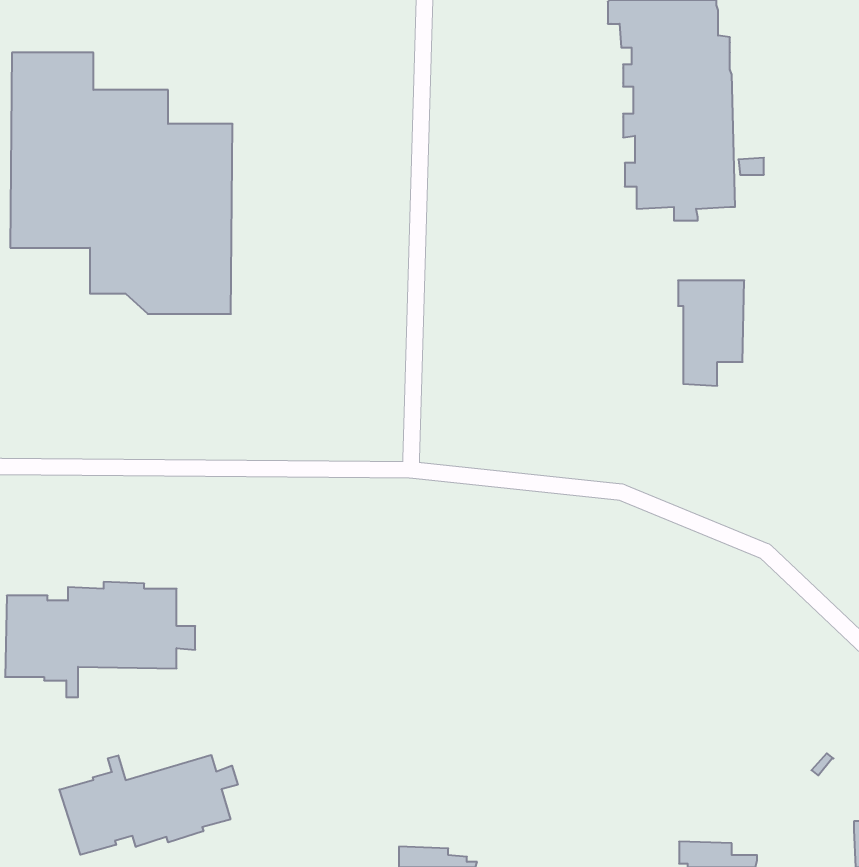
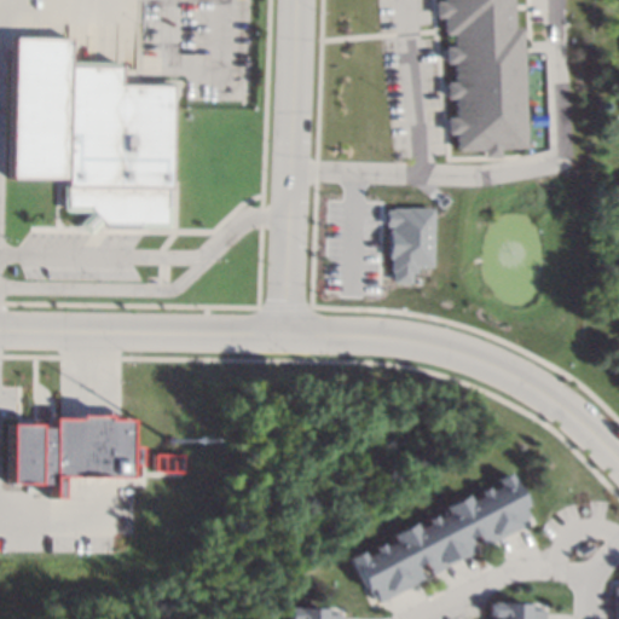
building: [678,280,744,386] -> [389,208,436,283]
building: none -> [354,473,531,602]
building: [59,755,238,855] -> none

